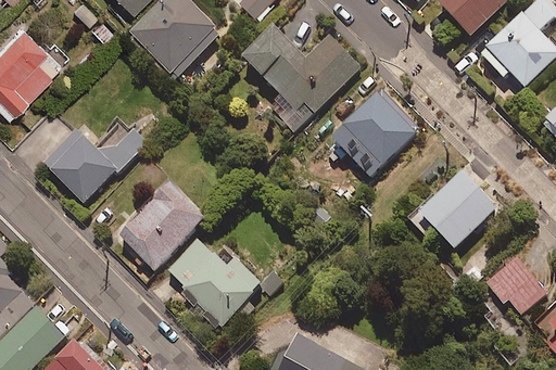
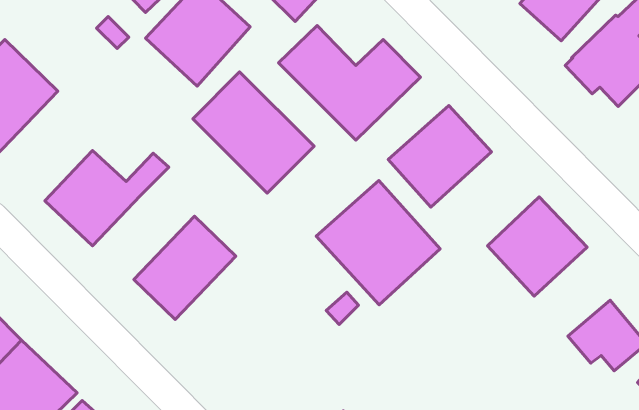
building: none -> [193,72,314,193]
building: none -> [316,180,440,305]
building: [166,238,262,328] -> none

